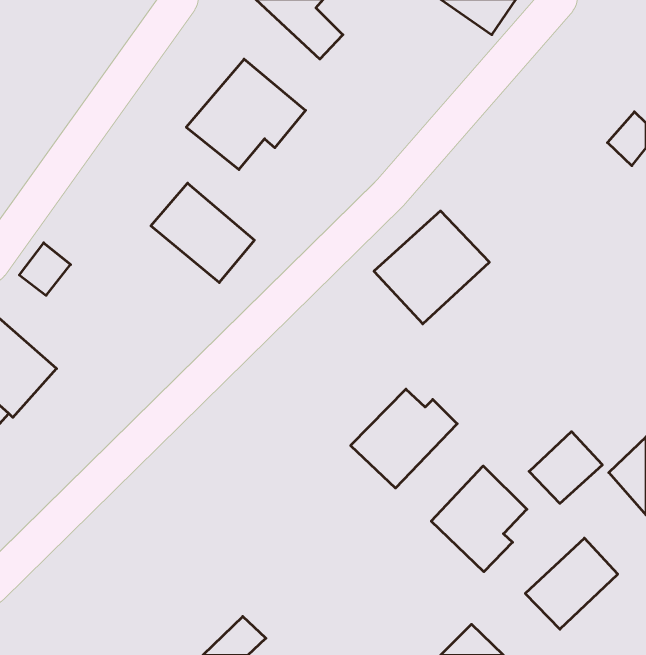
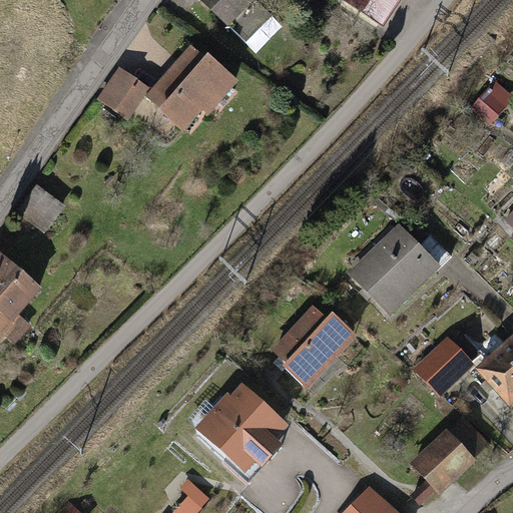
building: none -> [98,70,148,118]
building: [151,183,254,283] -> none
building: [374,211,489,324] -> [350,222,440,311]
building: [431,466,527,572] -> none
building: none -> [199,381,289,470]

